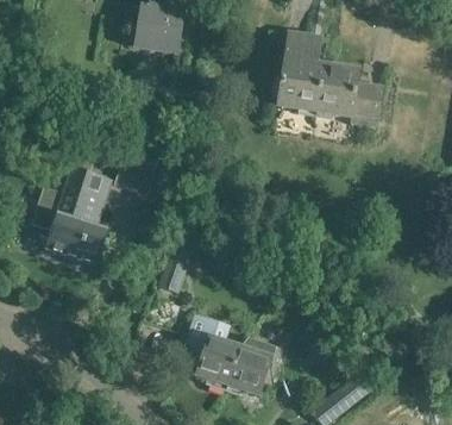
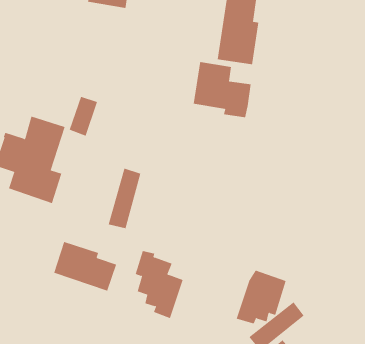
building: [316,64,381,126] -> [193,61,251,118]
building: none -> [53,241,117,291]
building: [226,336,282,395] -> [236,270,287,324]

